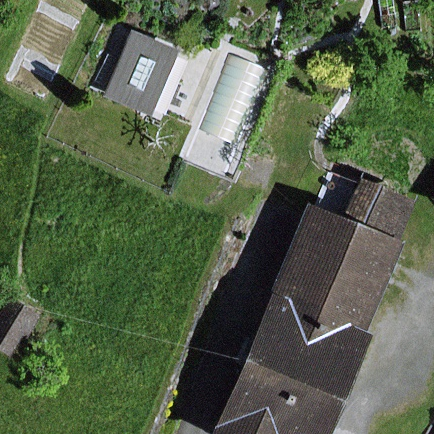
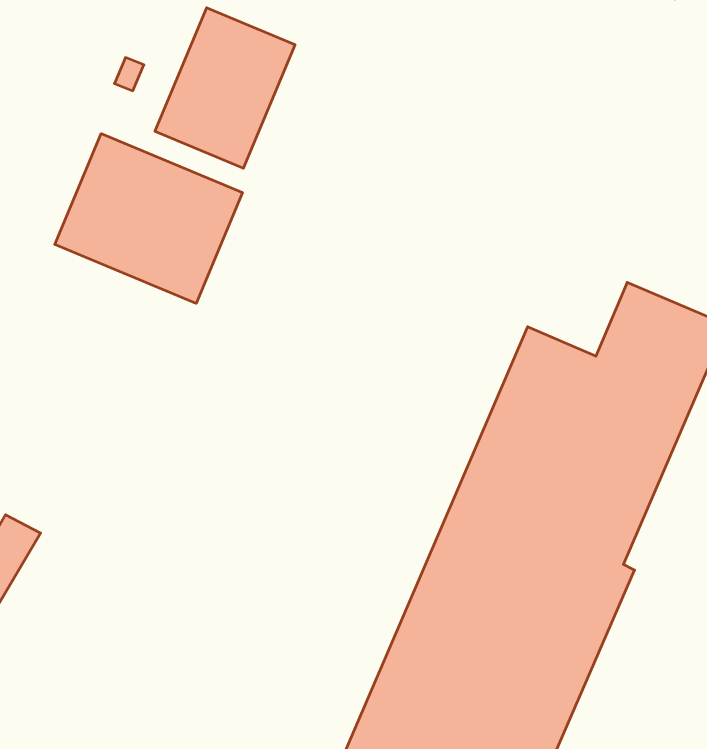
building: none -> [55,134,242,303]

